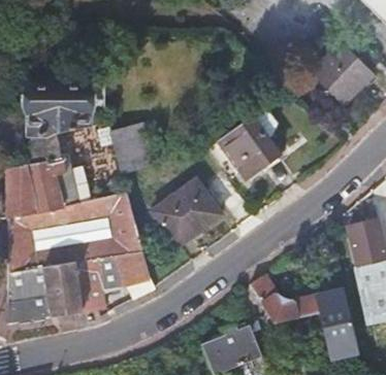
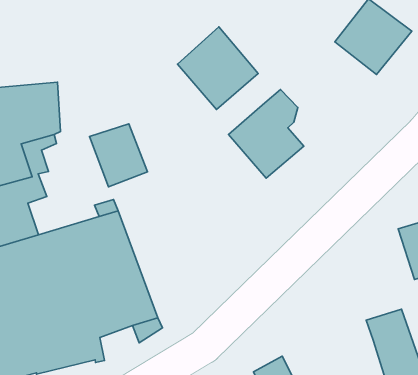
building: none -> [177,27,258,109]
building: [152,179,221,246] -> none
building: [250,273,320,322] -> none

